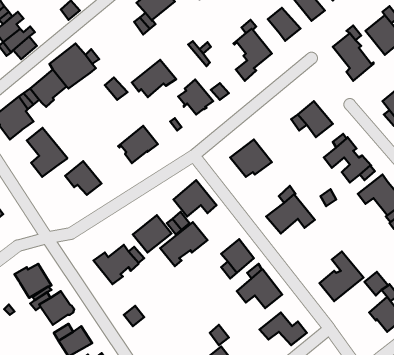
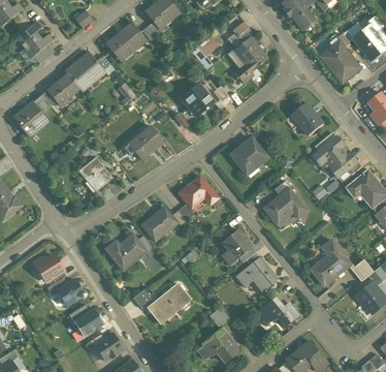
building: [268,8,301,41] -> none
building: [132,60,176,97] -> [105,23,146,57]
building: [27,128,67,177] -> none
building: [160,222,208,266] -> [147,283,190,323]

